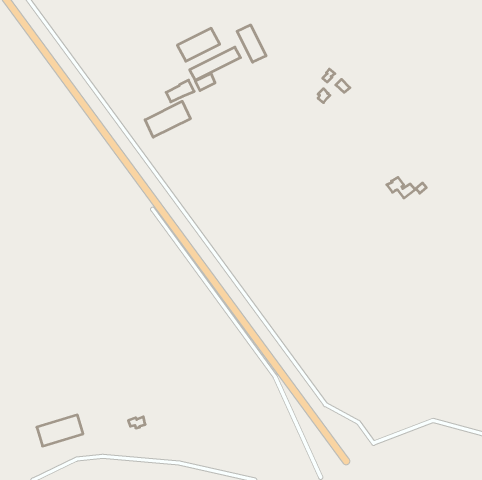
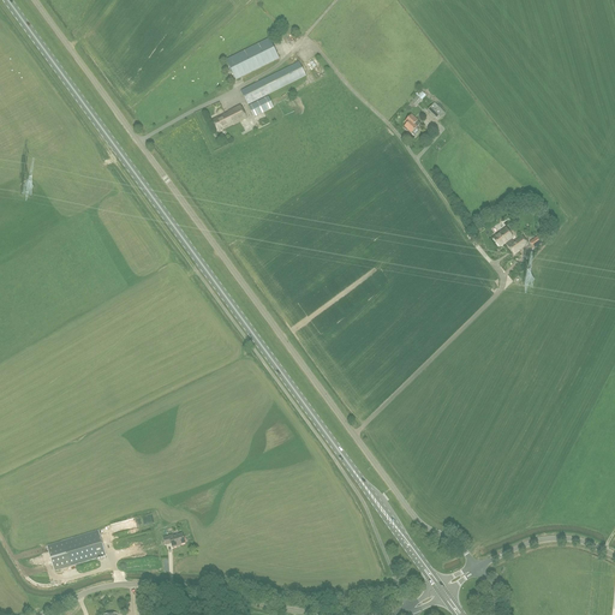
building: [237,25,266,62] -> none
building: [145,101,190,137] -> none

